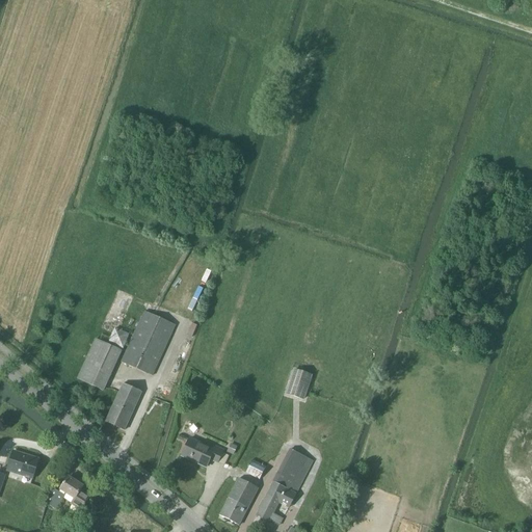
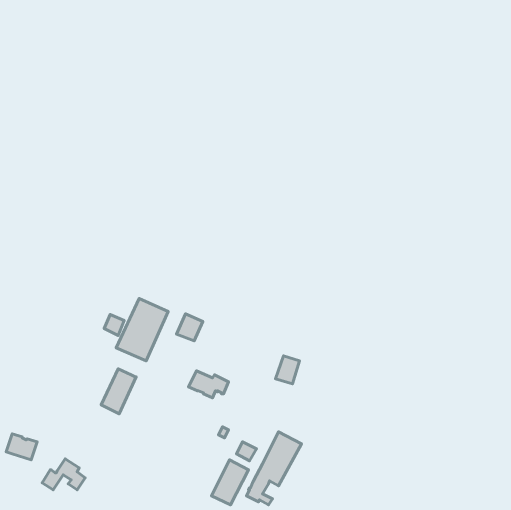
building: none -> [176,314,203,341]
building: [78,338,122,389] -> none
building: [182,437,223,466] -> [188,371,228,398]

